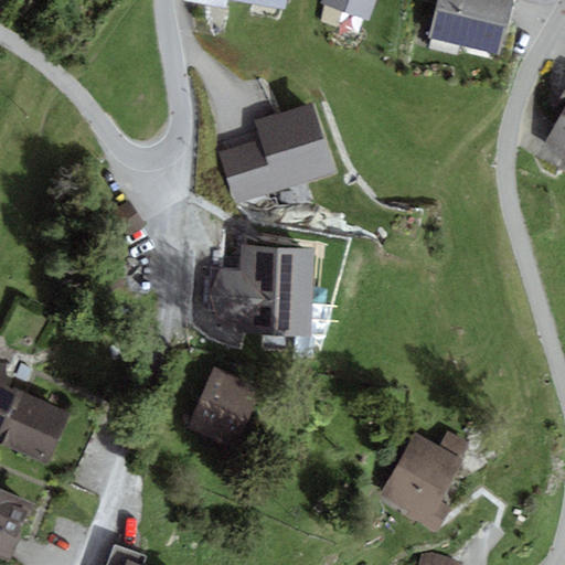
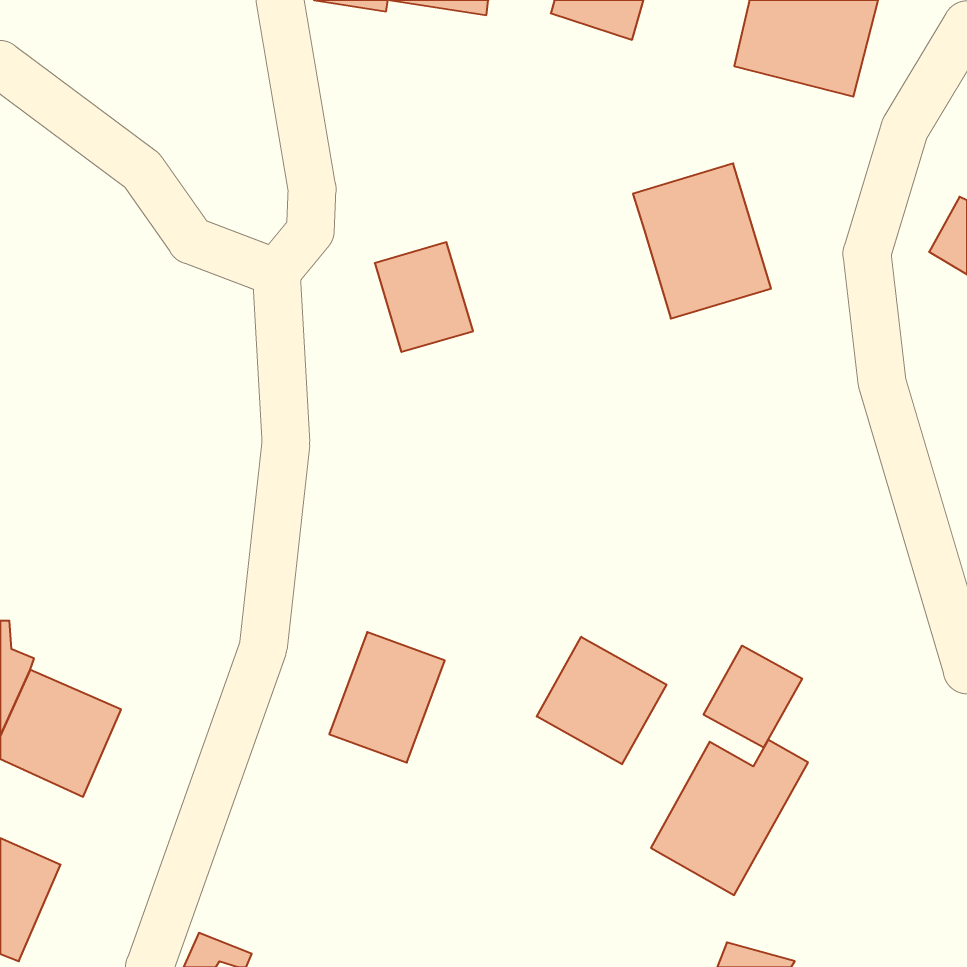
building: [254,103,334,193] -> [633,163,771,319]
building: [209,245,313,337] -> none
building: none -> [537,637,666,764]
building: none -> [704,646,802,748]

